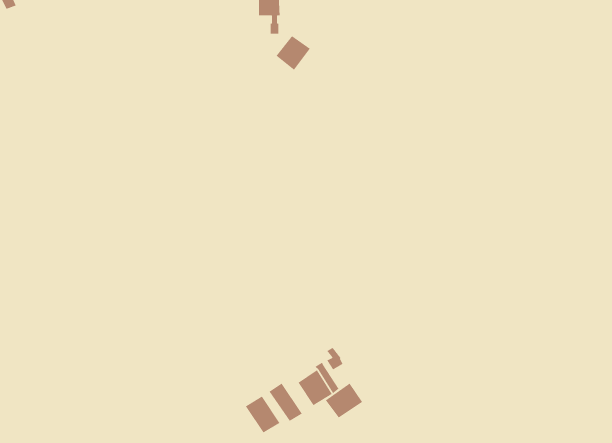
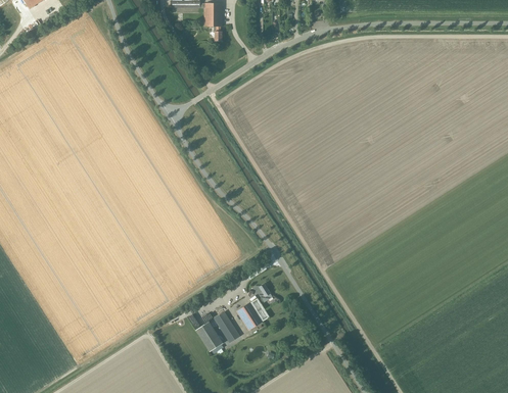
building: [276,35,311,71] -> none
building: [325,382,363,419] -> none

